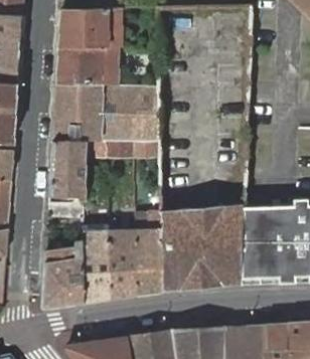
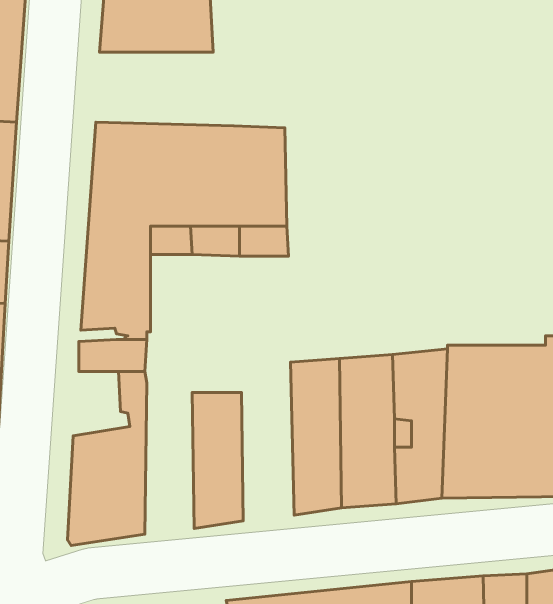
building: [58,45,132,84] -> none
building: [136,208,164,295] -> none
building: [85,220,111,302] -> none

